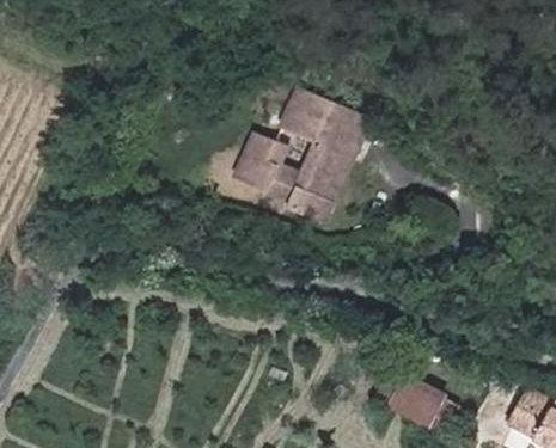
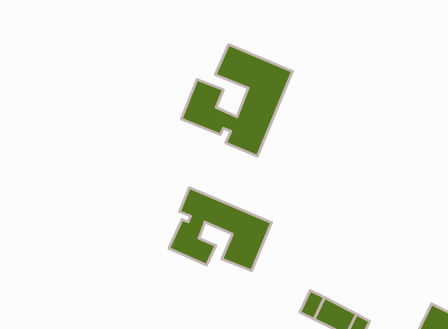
building: none -> [169,188,272,271]

